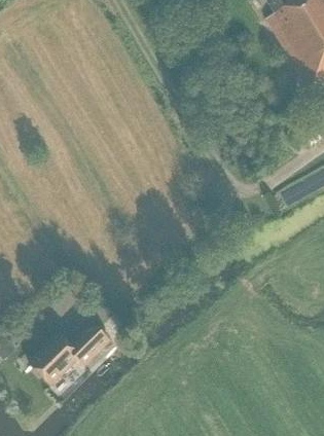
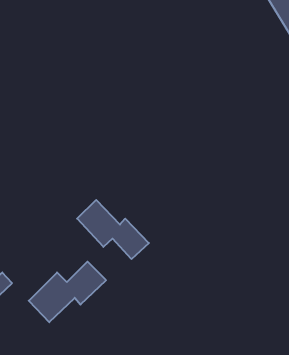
building: none -> [77,200,149,259]

